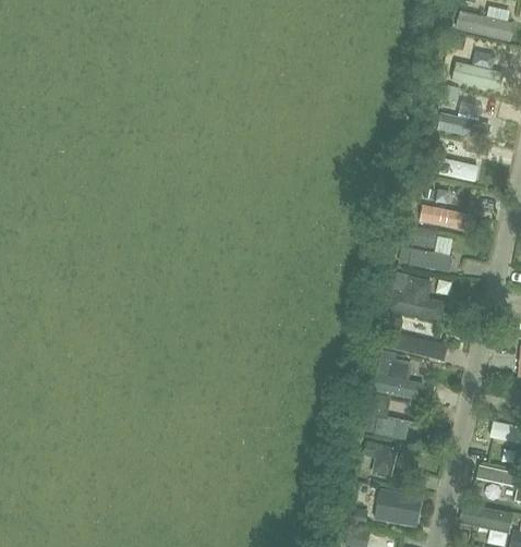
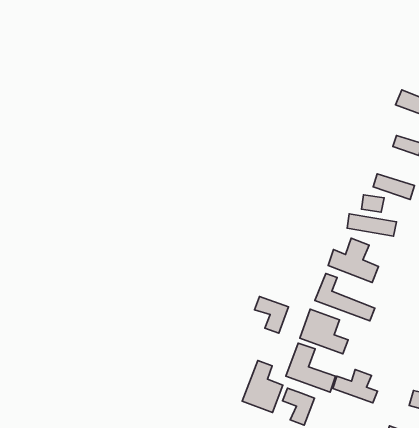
building: none -> [255,296,288,333]
building: none -> [333,370,378,403]
building: none -> [242,361,283,413]

